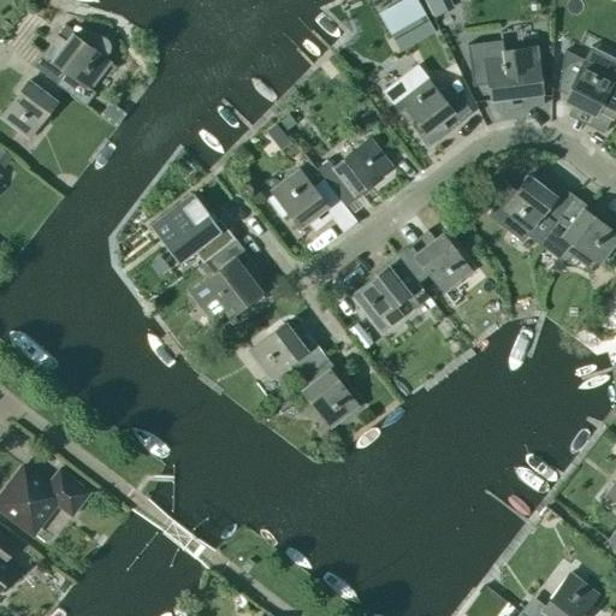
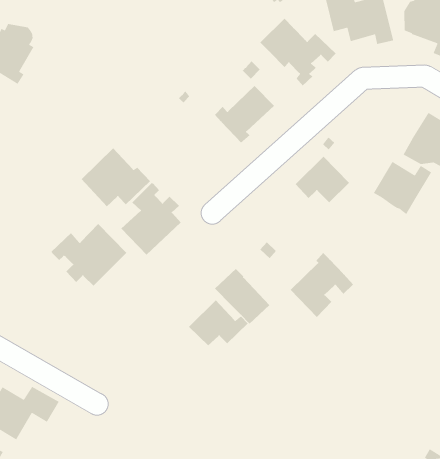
building: [273,170,339,227] -> none
building: [502,176,576,243] -> [373,161,432,215]
building: [353,254,431,332] -> [290,252,354,318]
building: none -> [51,223,127,287]
building: [249,322,322,378] -> [188,299,249,346]

